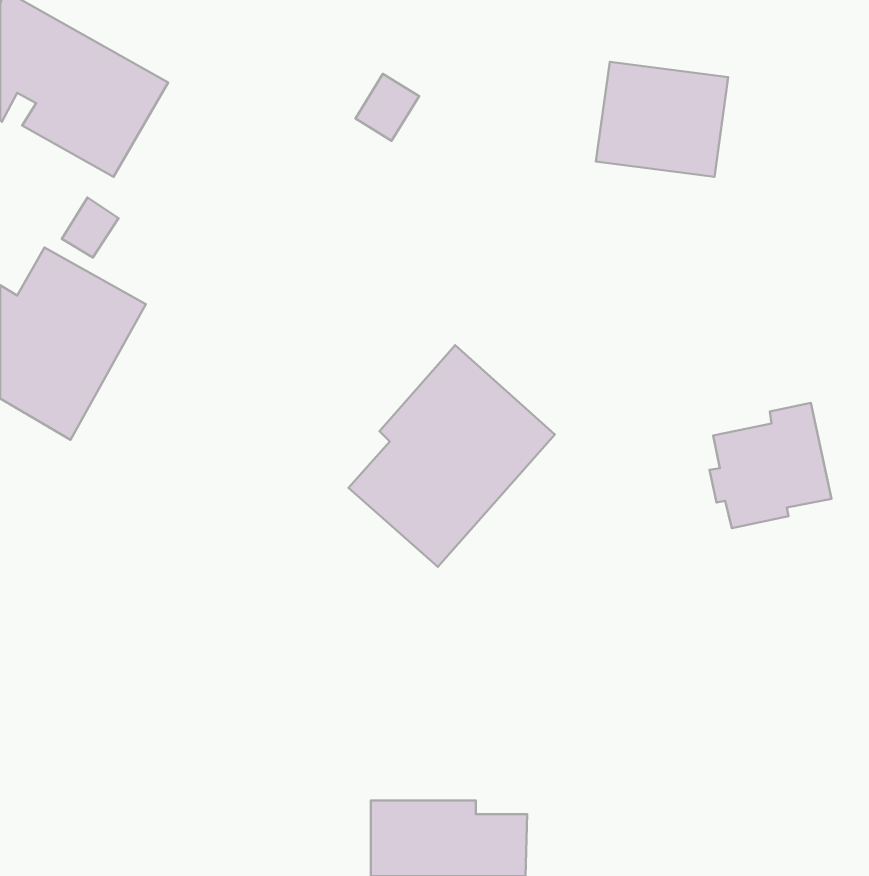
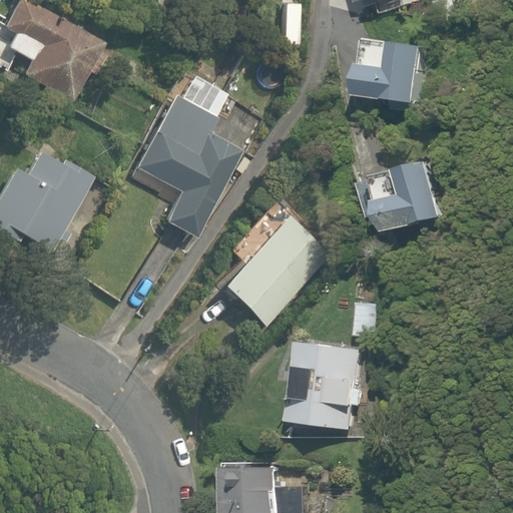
building: none -> [131,93,244,240]
building: [710,403,832,528] -> [369,161,440,234]
building: none -> [291,342,366,430]

